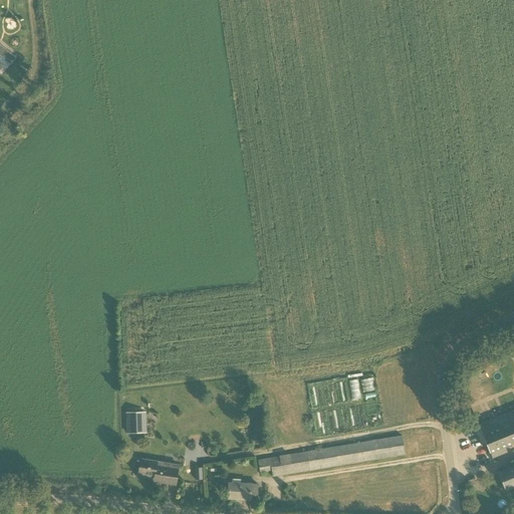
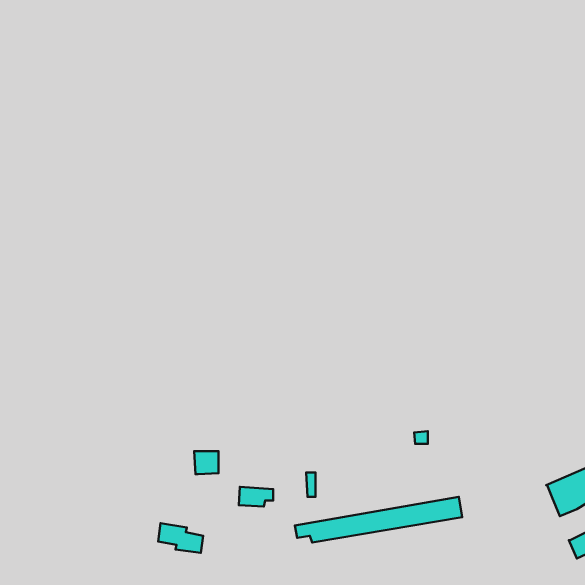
building: [126,413,148,433] -> [194,451,218,474]
building: [229,482,259,499] -> [239,487,273,506]

